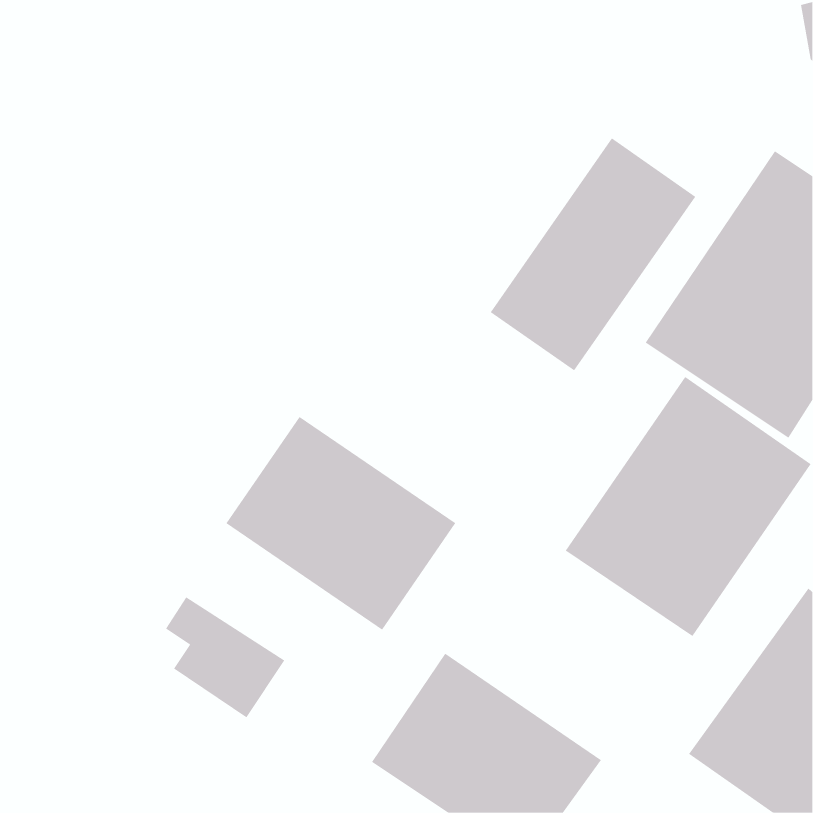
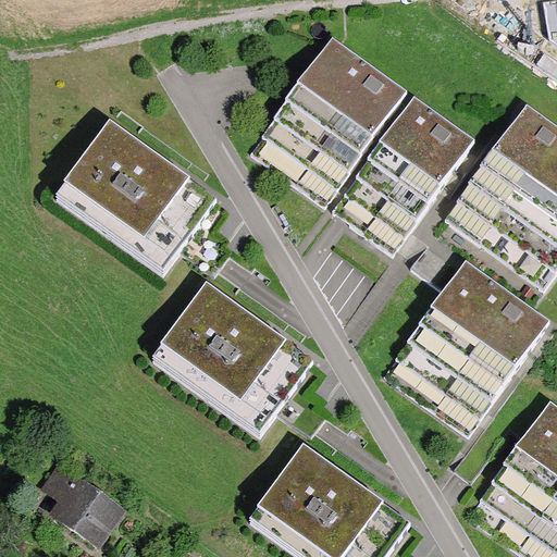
building: none -> [249,35,406,203]
building: none -> [57,121,213,268]
building: [165,596,285,718] -> [42,465,124,547]

